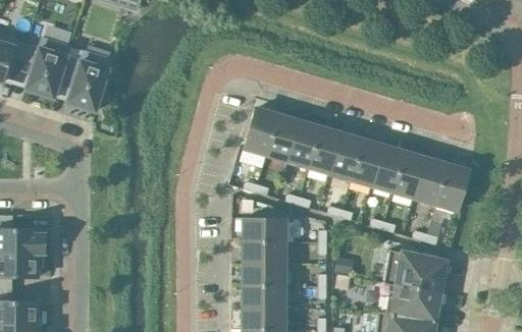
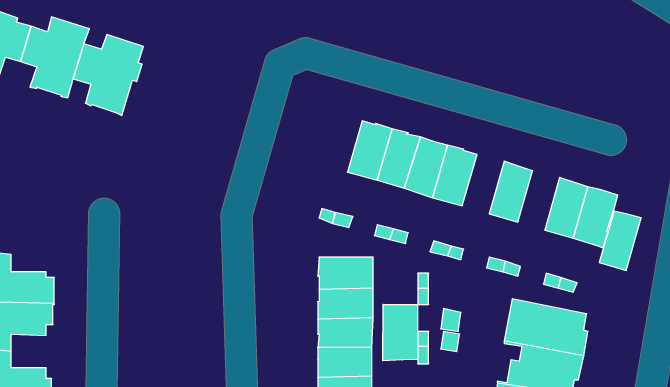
building: [243,108,276,154] -> none
building: [352,141,383,185] -> none
building: [394,153,425,198] -> [599,211,641,270]
building: none -> [383,304,418,361]

